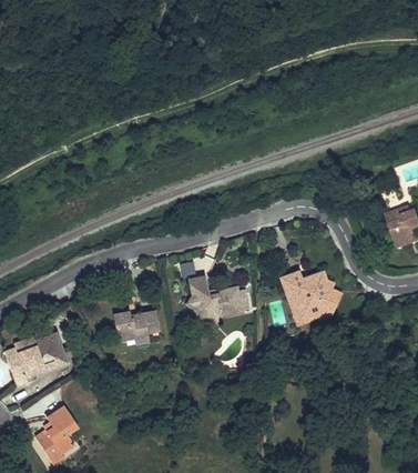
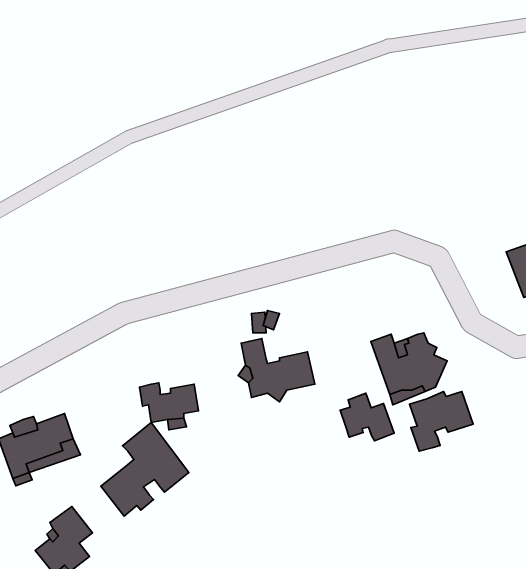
building: none -> [410,391,473,451]
building: none -> [340,393,394,441]
building: none -> [101,422,189,516]

